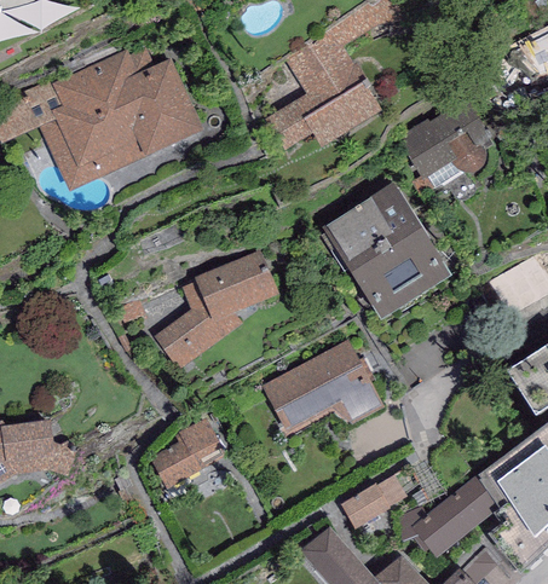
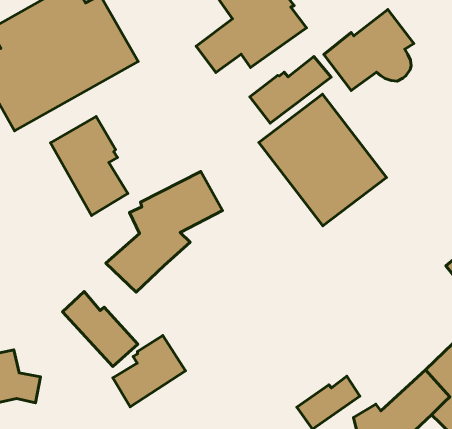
building: none -> [250,56,331,123]
building: none -> [50,116,128,216]
building: [261,340,383,440] -> none
building: none -> [63,291,138,367]

